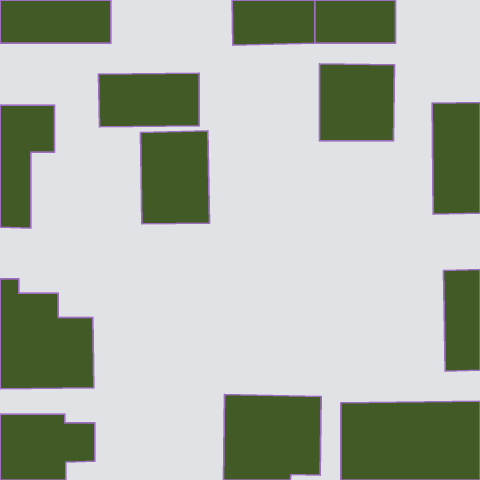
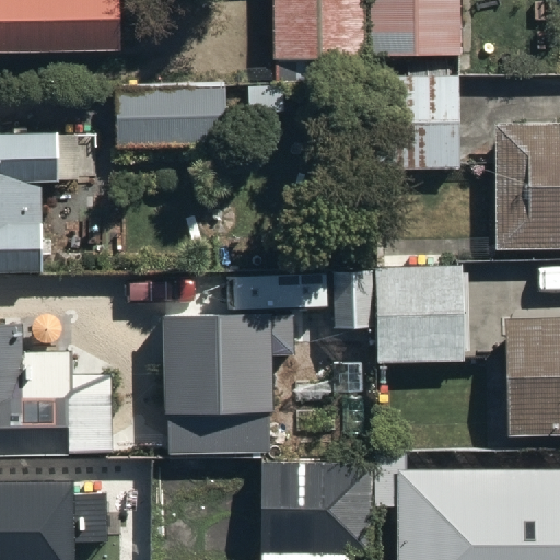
building: [140,131,210,224] -> none
building: none -> [381,260,464,363]
building: none -> [168,314,291,453]

